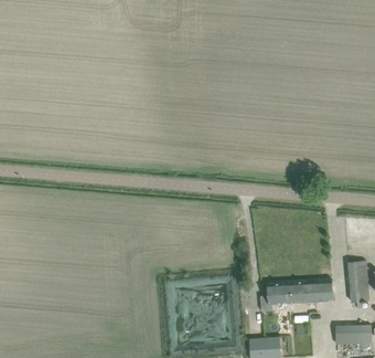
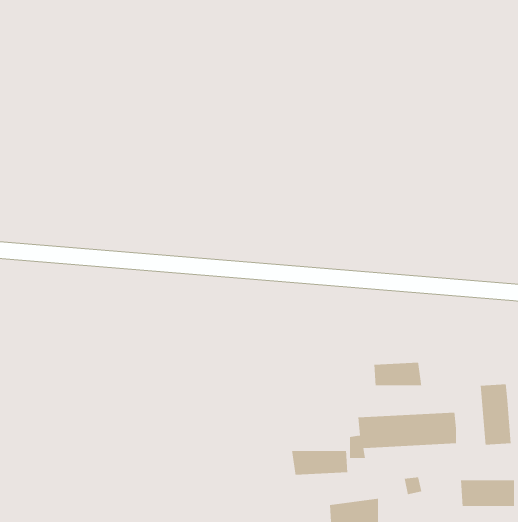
building: none -> [374,362,422,386]
building: none -> [291,450,348,475]

